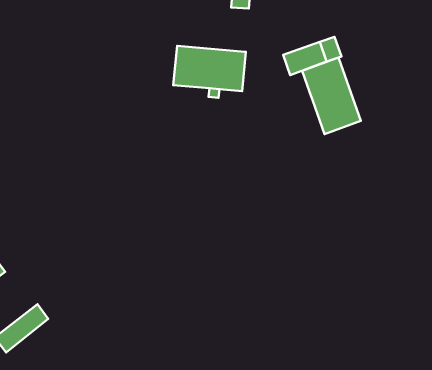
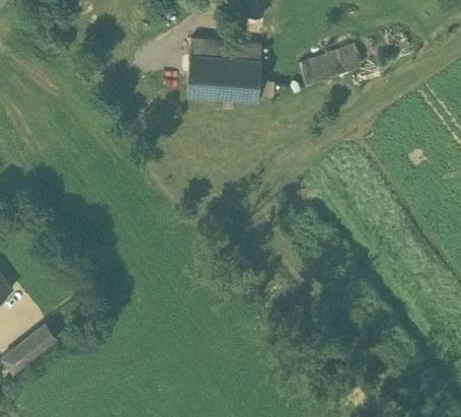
building: none -> [188,38,260,61]
building: [302,58,361,134] -> none

